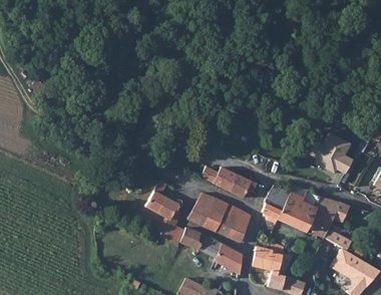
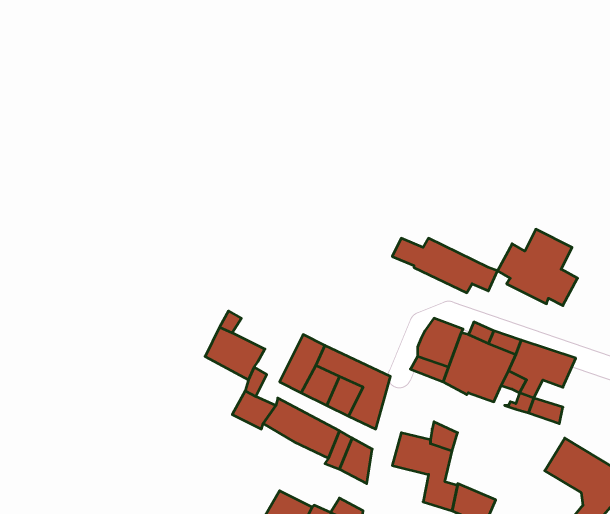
building: [201,168,259,198] -> [392,238,498,293]

